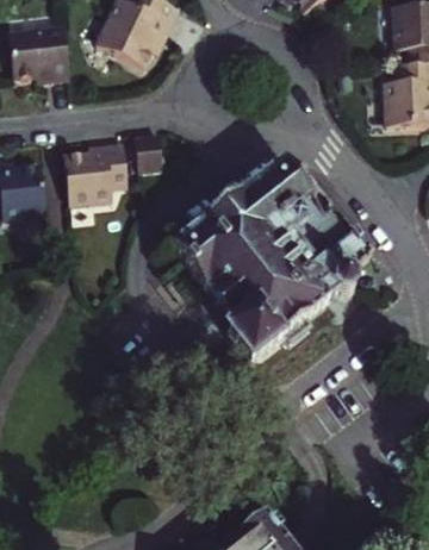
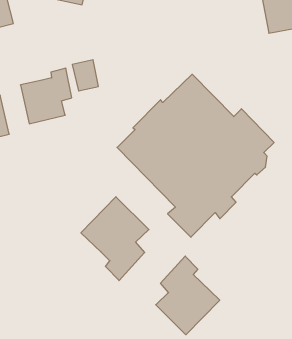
building: none -> [81,197,149,281]
building: none -> [156,256,220,335]

